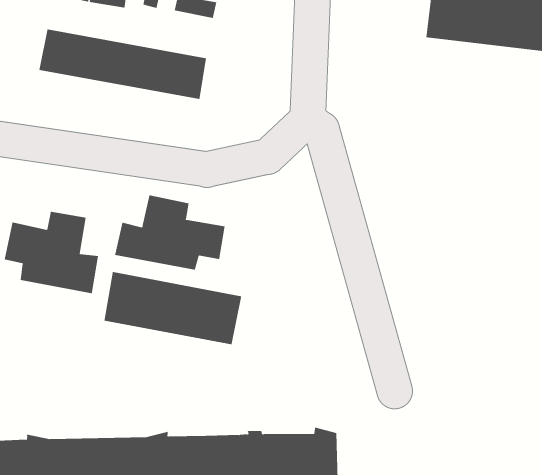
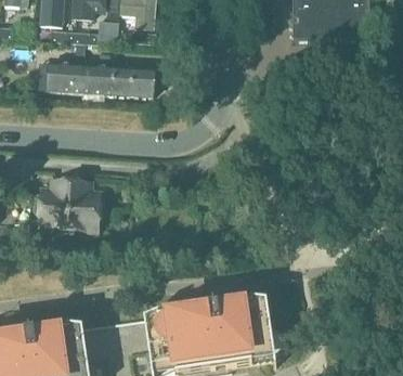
building: [115,195,225,271] -> none
building: [104,271,242,345] -> none

